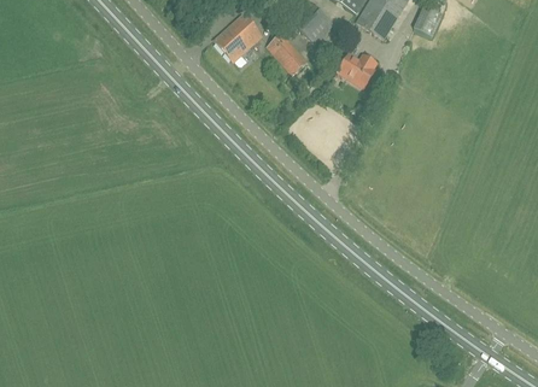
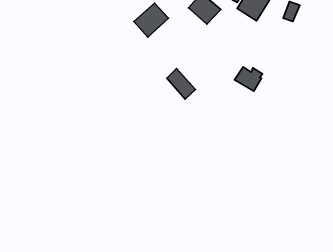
building: [267,33,306,75] -> [167,69,196,99]
building: [337,53,375,87] -> [235,67,262,91]

